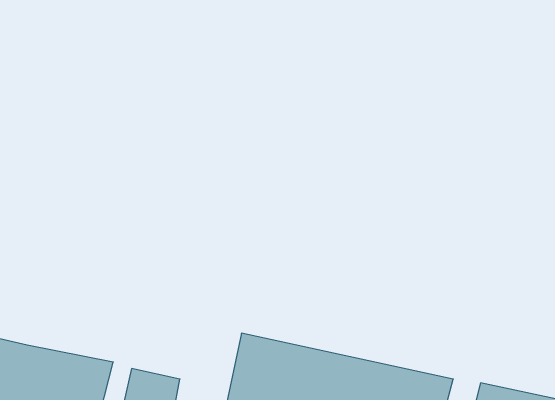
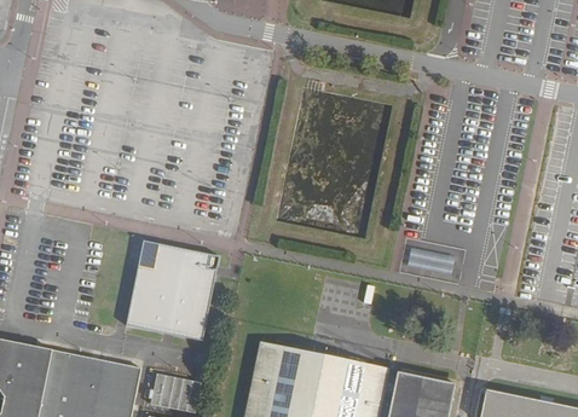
building: none -> [125,231,224,344]

